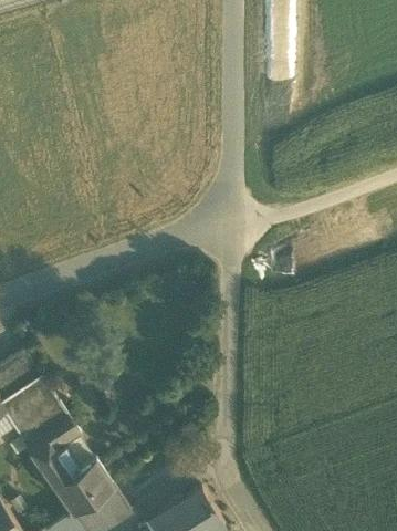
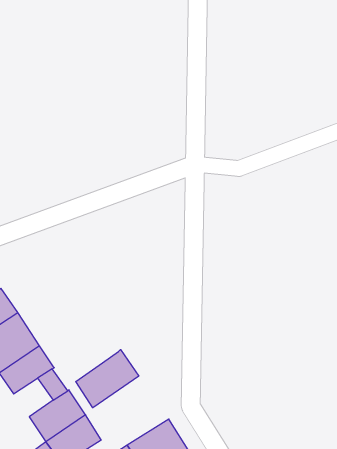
building: none -> [76,350,139,408]
building: [35,447,77,488] -> none

